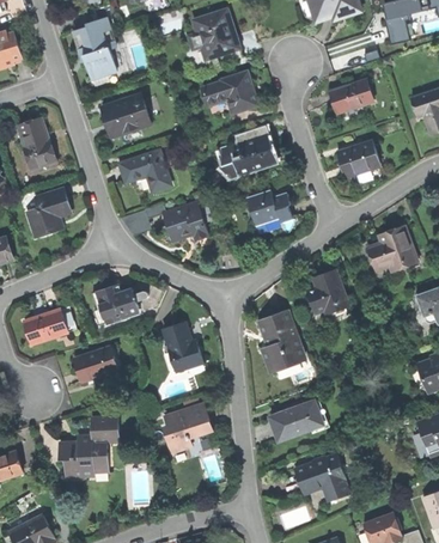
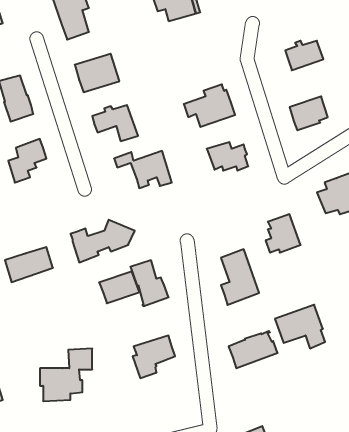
building: [201,73,252,115] -> none
building: [74,347,118,382] -> [99,272,139,303]
building: [294,453,349,501] -> [275,305,325,348]

